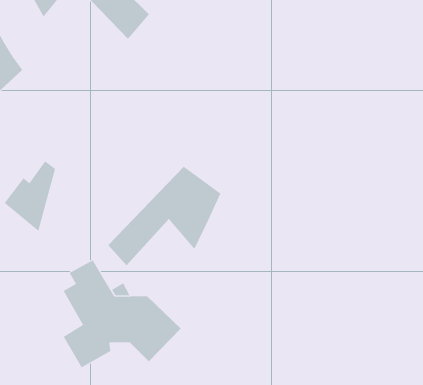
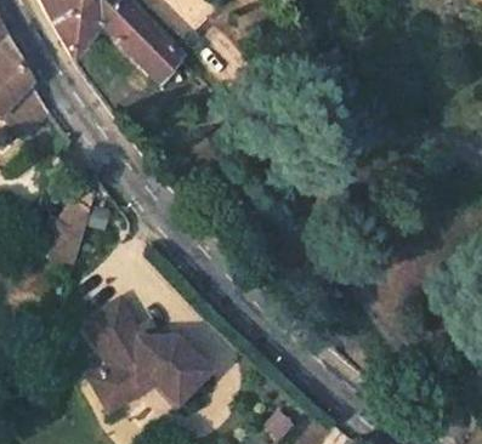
building: [108,166,221,266] -> none

